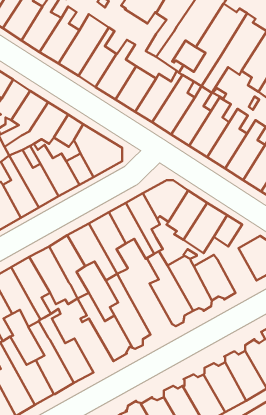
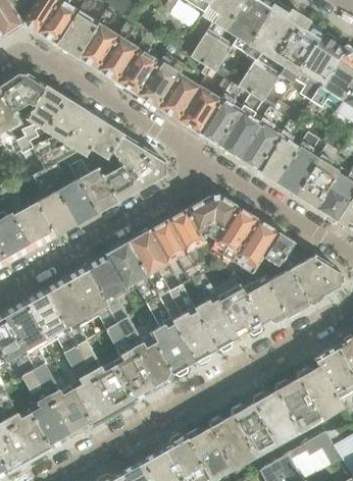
building: none -> [268,269,310,317]
building: none -> [160,284,219,365]
building: none -> [106,323,156,403]

